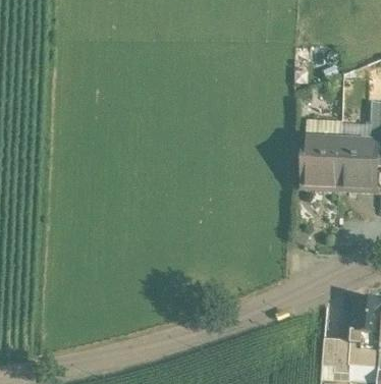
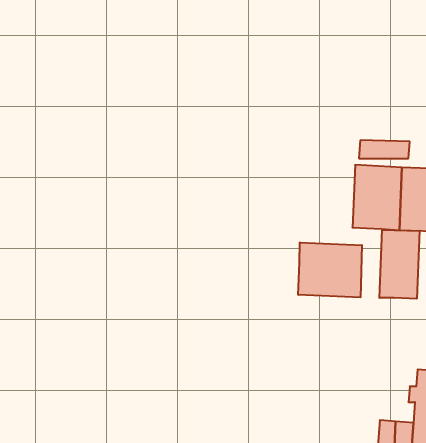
building: none -> [379,230,420,299]
building: none -> [298,242,362,297]

